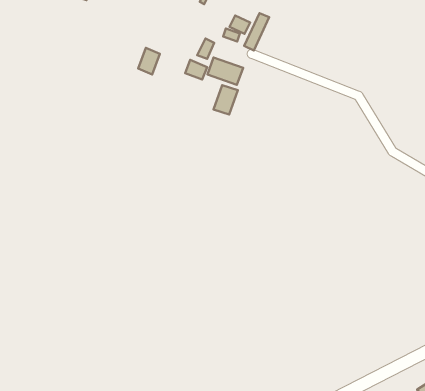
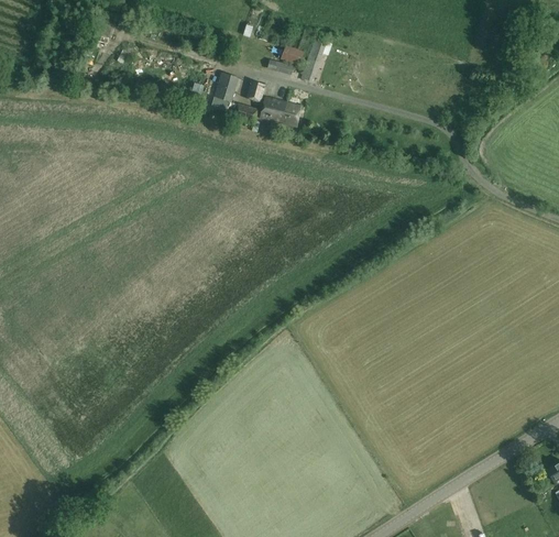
building: [138,48,160,74] -> [213,72,238,102]
building: [214,85,238,115] -> none

